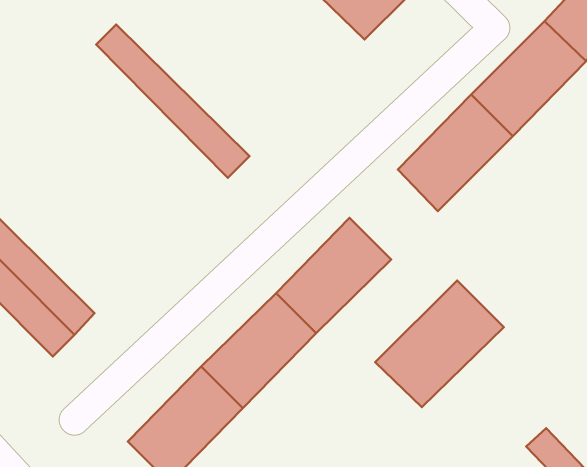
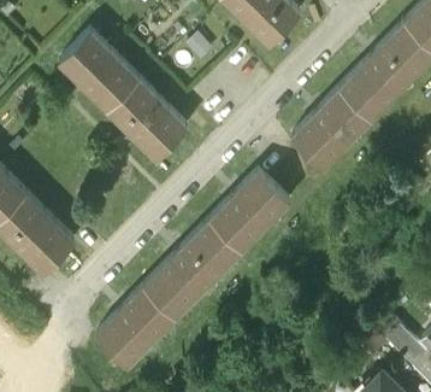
building: none -> [58,47,169,158]
building: [375,280,504,407] -> none

